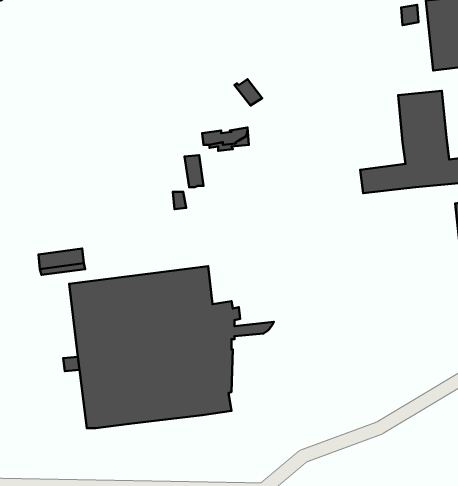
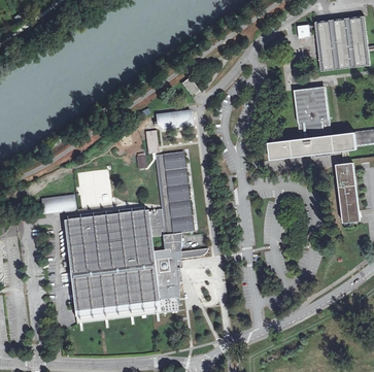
building: none -> [155,153,193,236]

